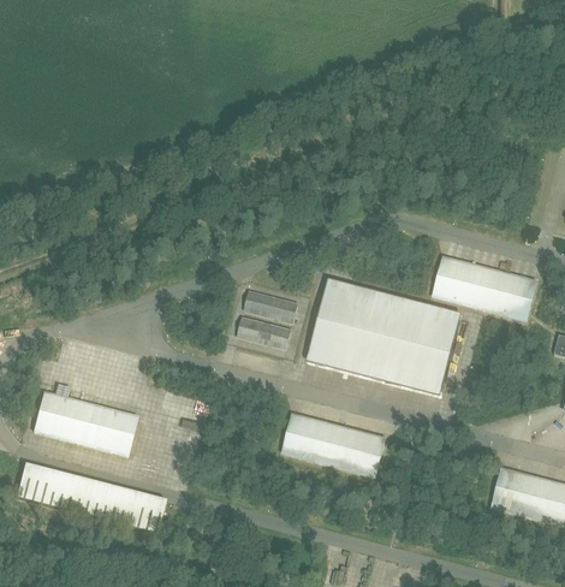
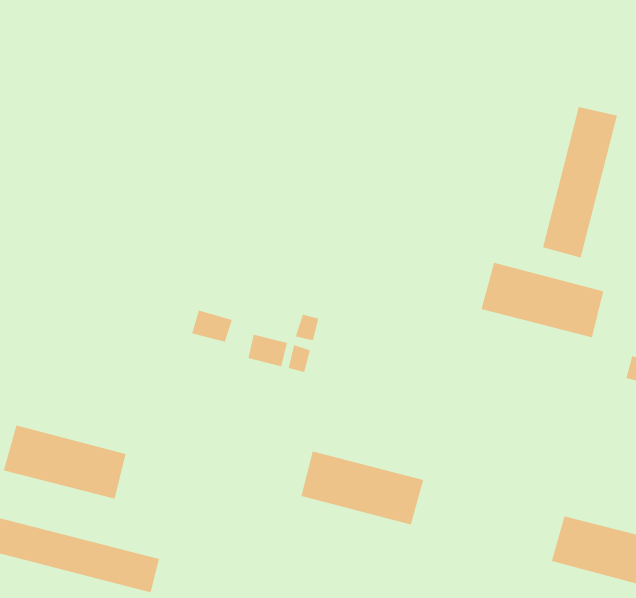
building: none -> [542,106,618,259]
building: [309,284,458,389] -> none
building: [243,289,278,316] -> [191,309,233,343]

